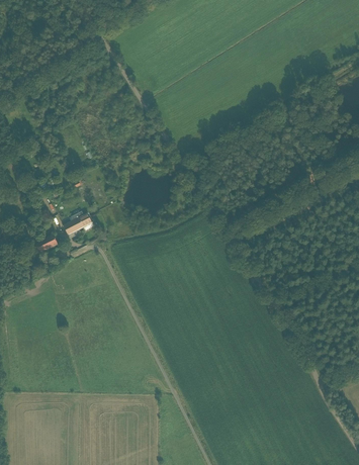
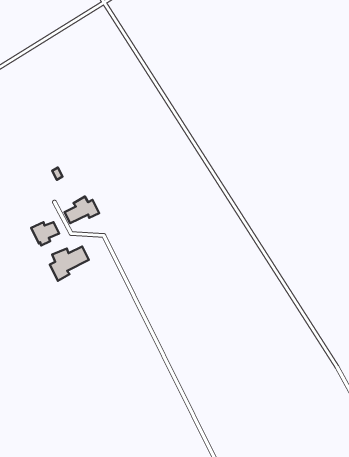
building: none -> [50,246,89,281]

